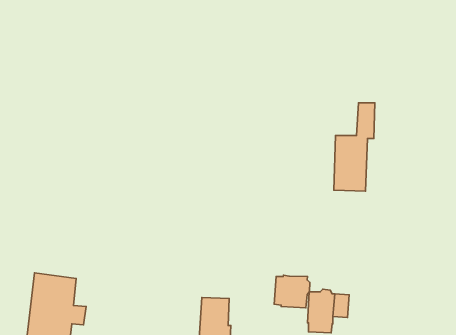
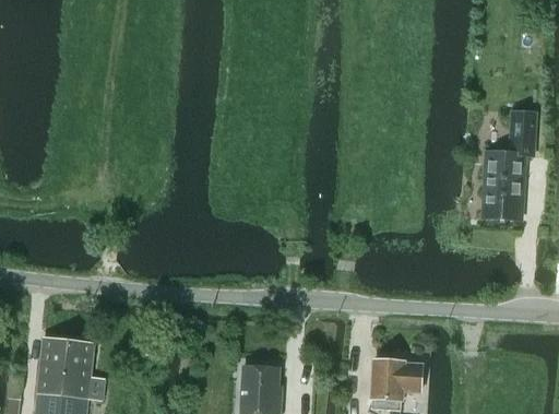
building: [334,103,375,191] -> [484,113,533,218]
building: [274,275,310,308] -> none

